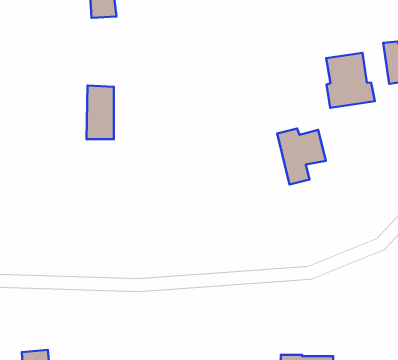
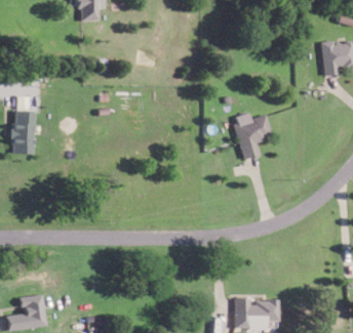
building: [326,53,375,108] -> none
building: [86,86,114,139] -> [12,110,35,154]

